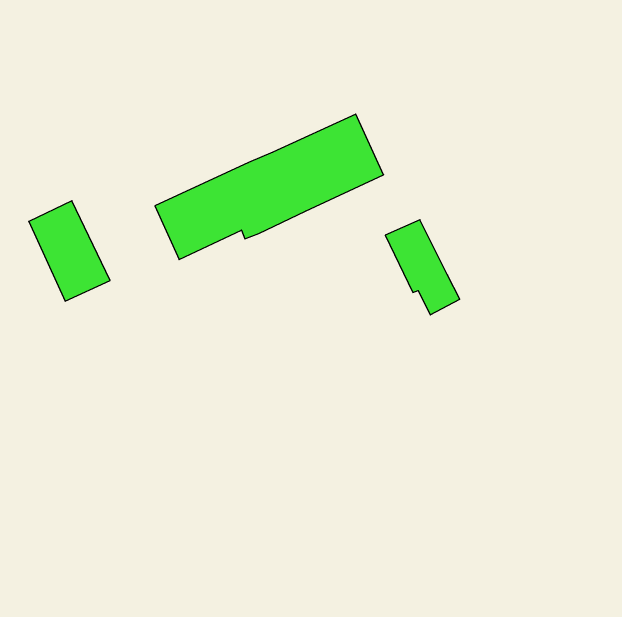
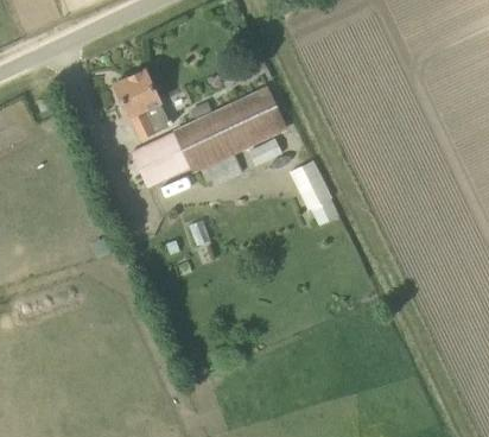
building: [29,201,110,301] -> [114,69,170,138]

